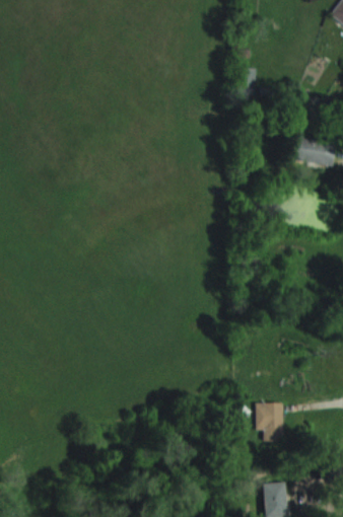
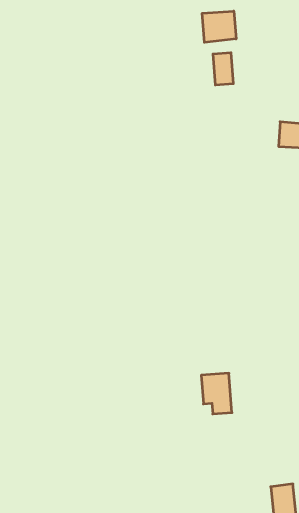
building: none -> [202,11,236,42]
building: [258,403,284,441] -> [201,373,232,414]

